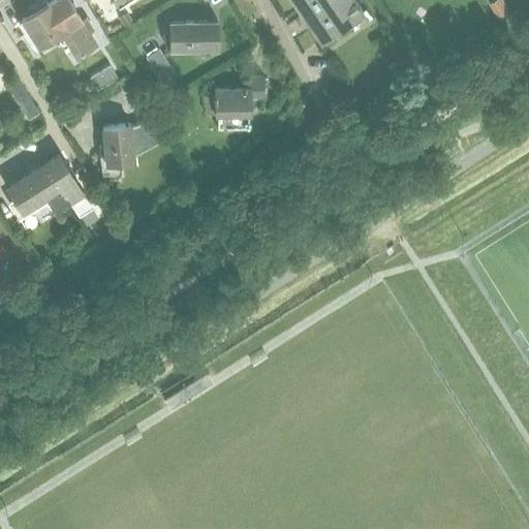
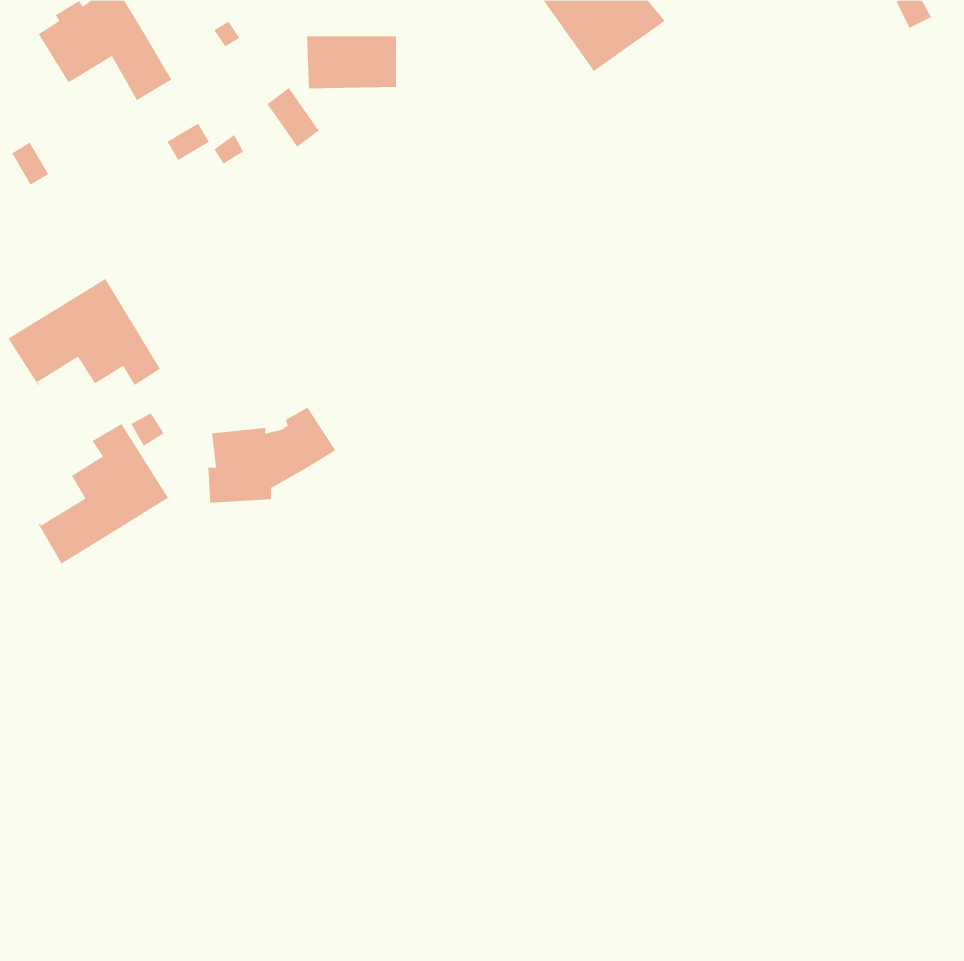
building: [215,76,264,129] -> none
building: [98,114,168,166] -> [208,407,336,503]
building: none -> [38,423,169,564]

